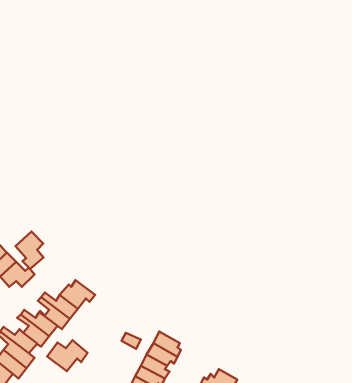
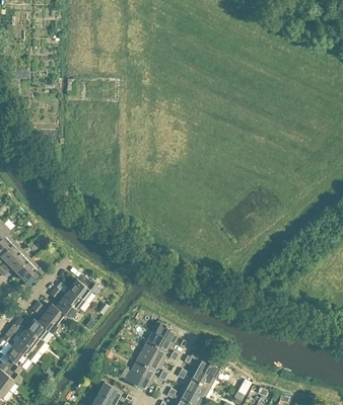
building: [16,231,44,269] -> none
building: [47,340,88,371] -> none

